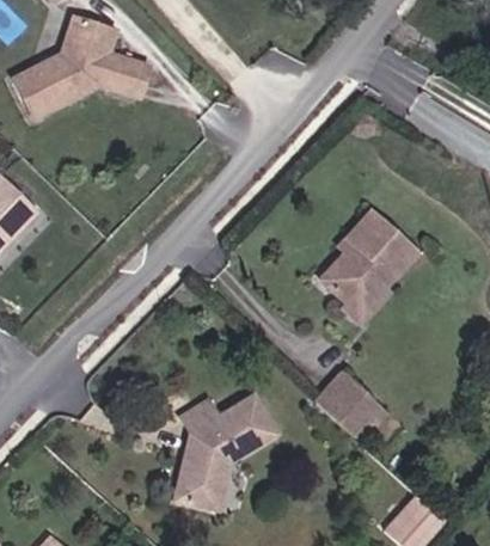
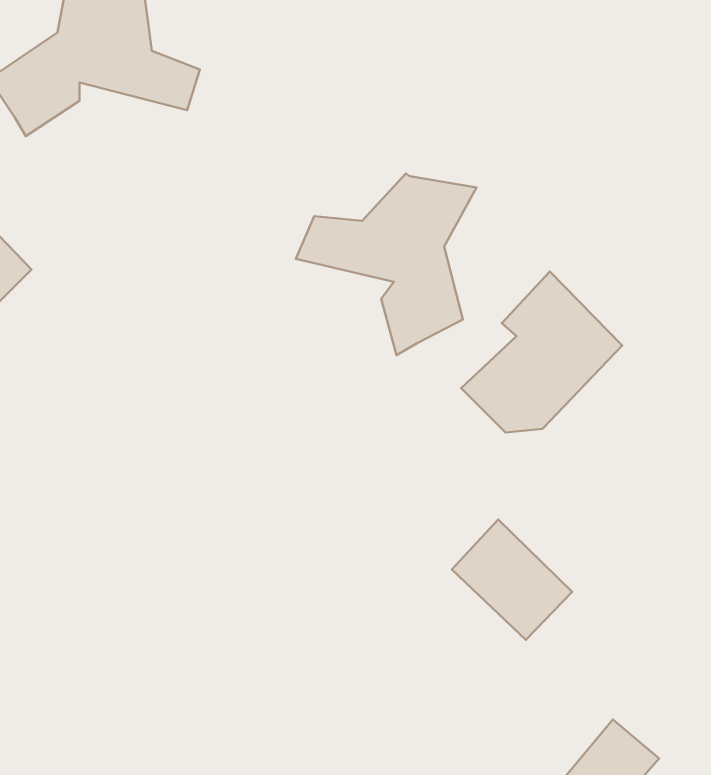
building: none -> [296,174,477,355]
building: [178,401,280,511] -> none

